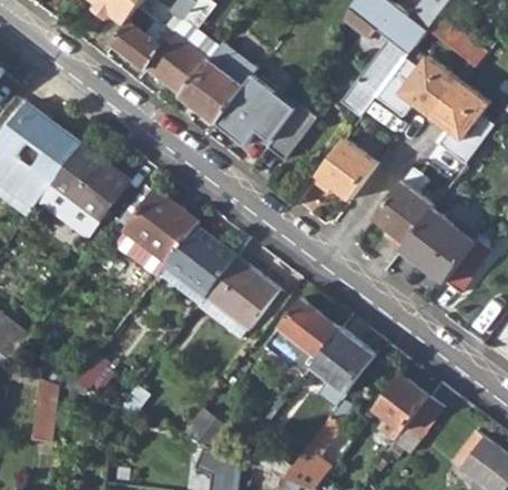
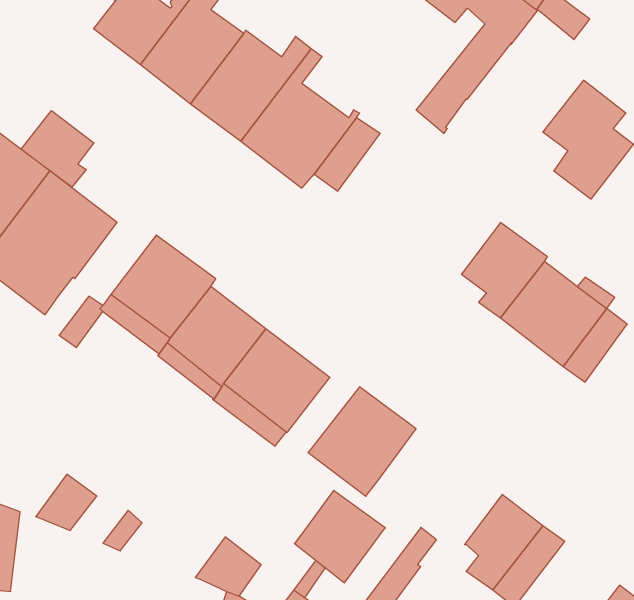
building: [374,57,458,118] -> none
building: none -> [21,111,94,187]
building: [311,139,376,201] -> none
building: [312,327,376,392] -> [294,490,385,583]

